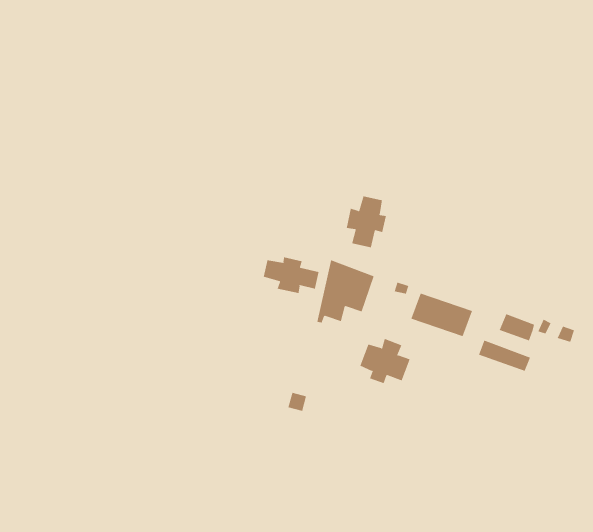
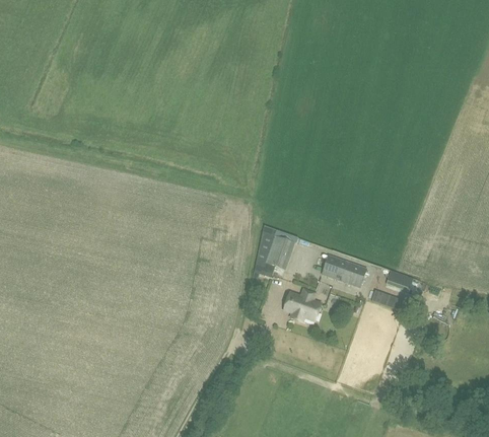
building: [346,195,386,248] -> none
building: [263,257,319,294] -> none

